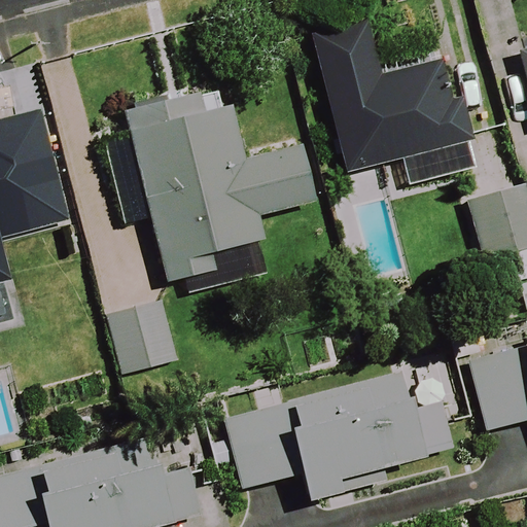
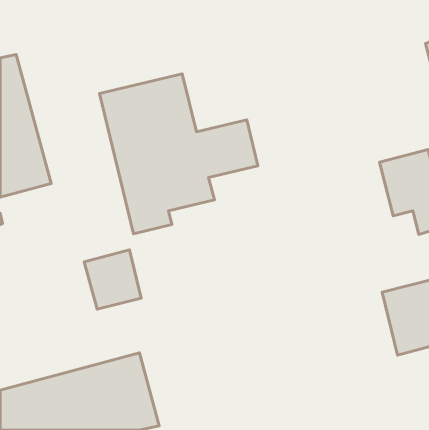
building: [322,57,461,173] -> none
building: [226,371,453,500] -> none

